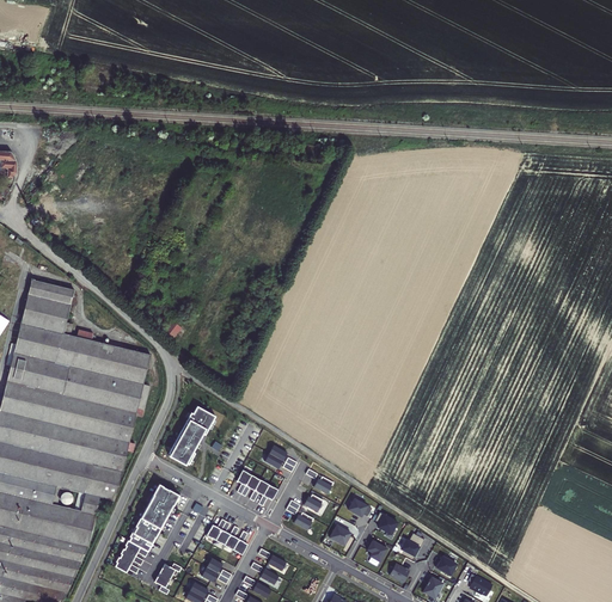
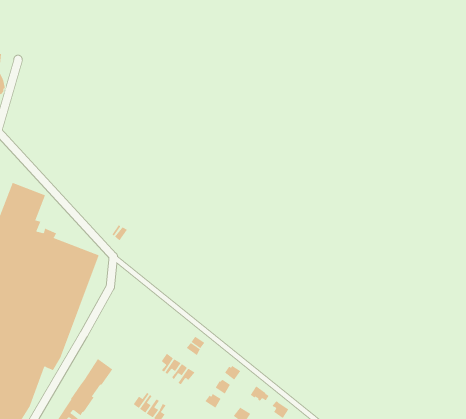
building: [169,405,216,463] -> none

